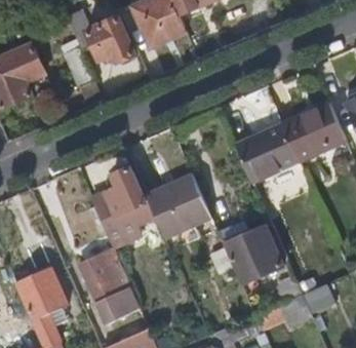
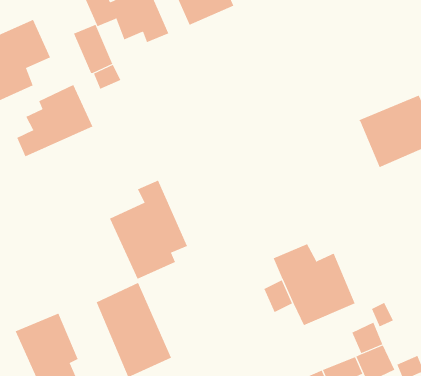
building: none -> [16,84,93,157]
building: [235,122,300,181] -> none
building: [145,171,211,237] -> none

